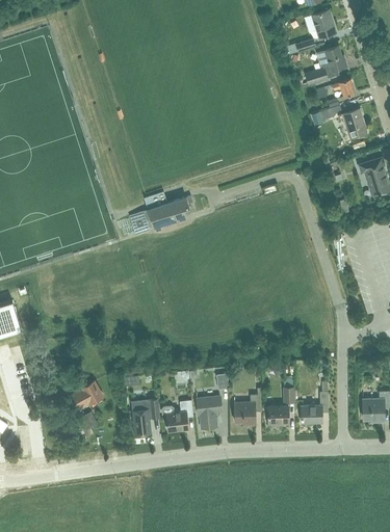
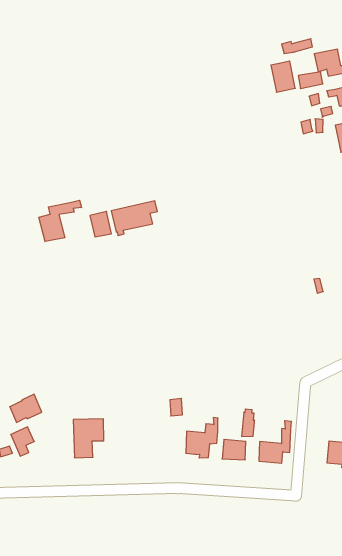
building: [312,10,336,39] -> [271,61,295,92]
building: none -> [39,200,81,242]
building: [197,397,222,429] -> none
building: [161,401,193,433] -> none

